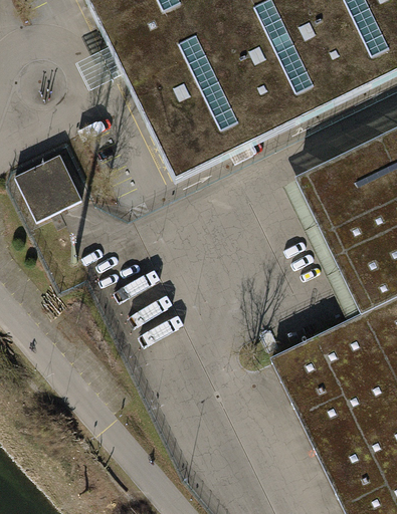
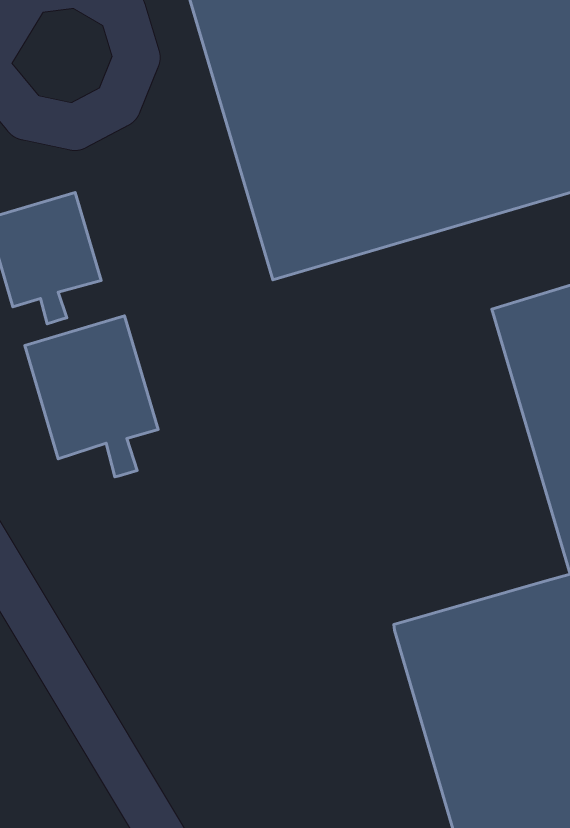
building: none -> [25,316,158,477]

